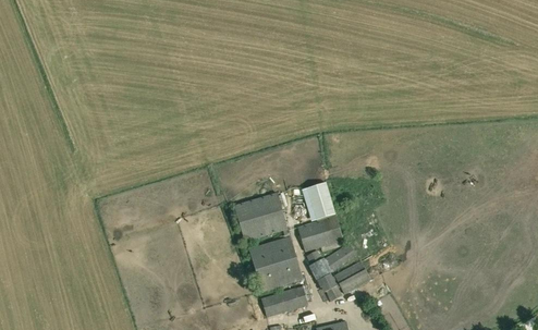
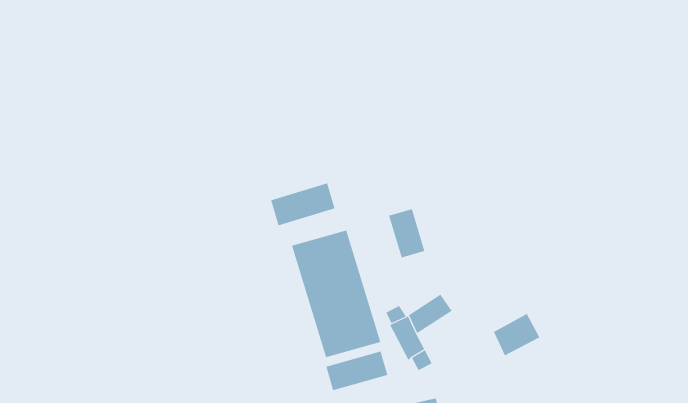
building: none -> [271,183,335,226]
building: [297,216,344,250] -> none
building: [334,260,370,293] -> [493,313,540,356]

